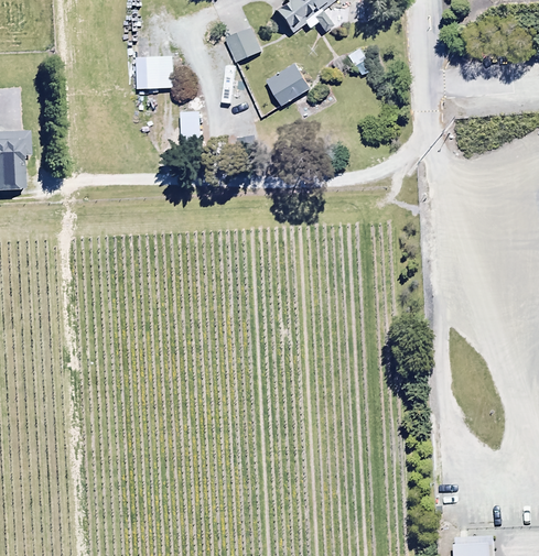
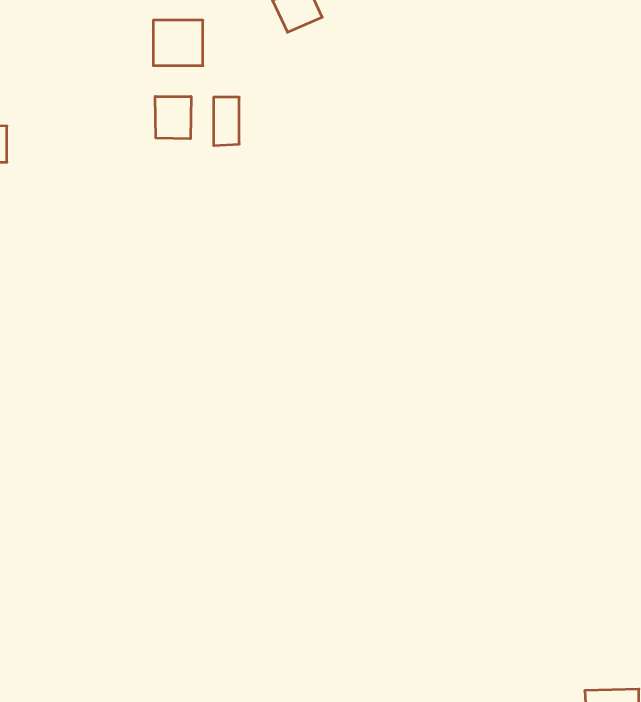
building: [265,62,311,107] -> none
building: none -> [155,96,191,139]

